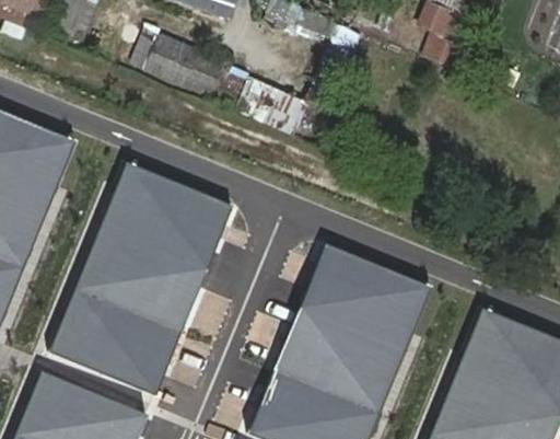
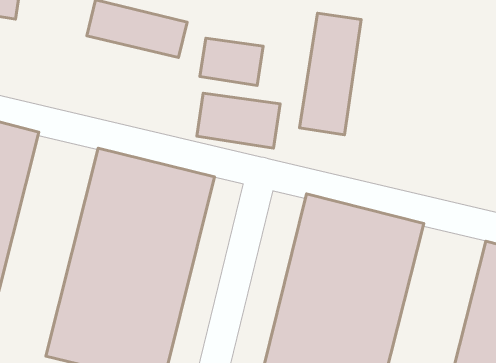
building: none -> [299,13,361,135]
building: none -> [197,93,280,148]

